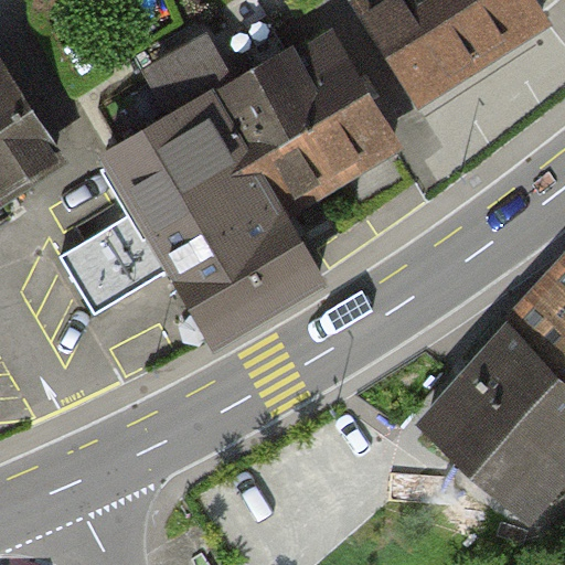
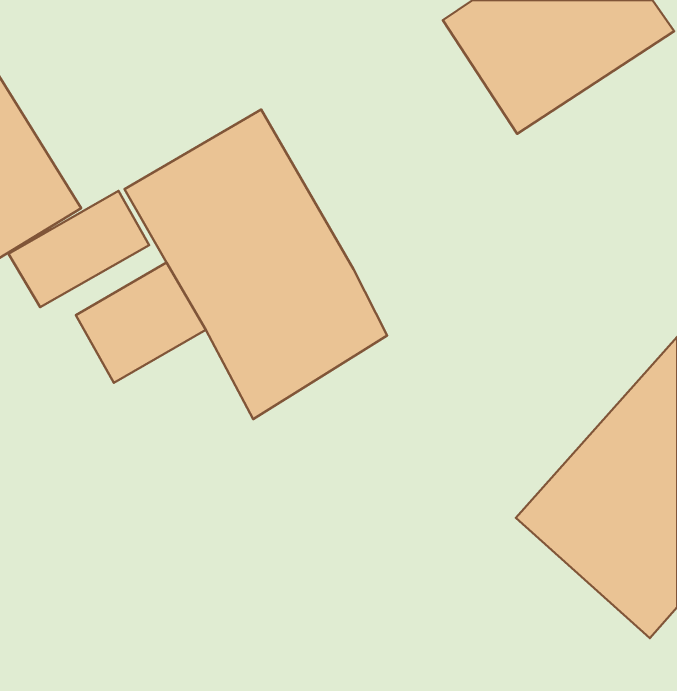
building: [213,23,404,220] -> none
building: none -> [8,191,149,307]

